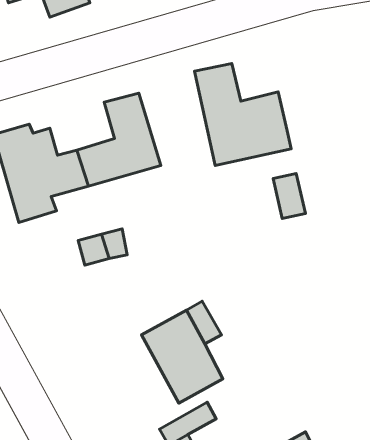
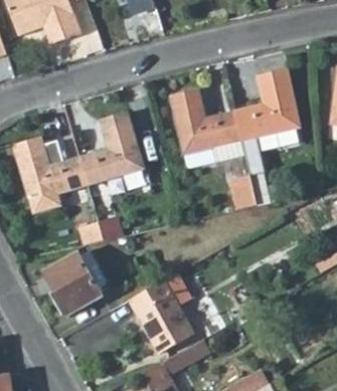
building: none -> [233,68,298,140]
building: none -> [41,251,100,315]

